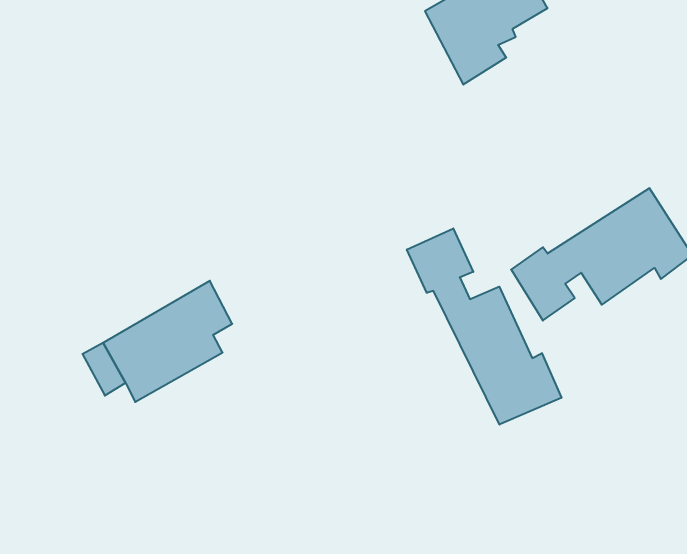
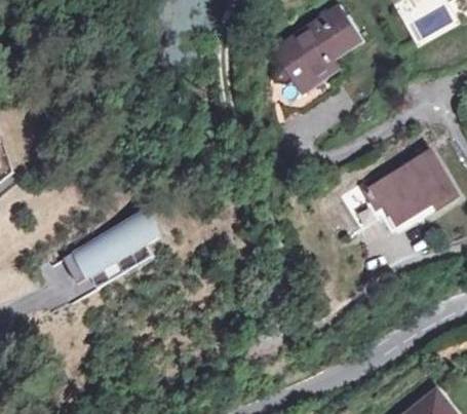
building: [407,228,561,425] -> none

